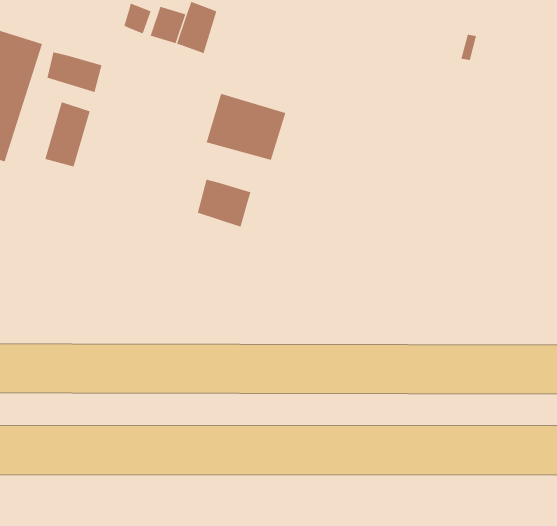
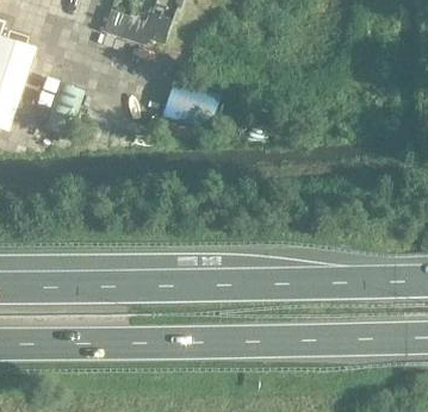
building: [47,51,102,93] -> none
building: [197,179,251,228] -> none

